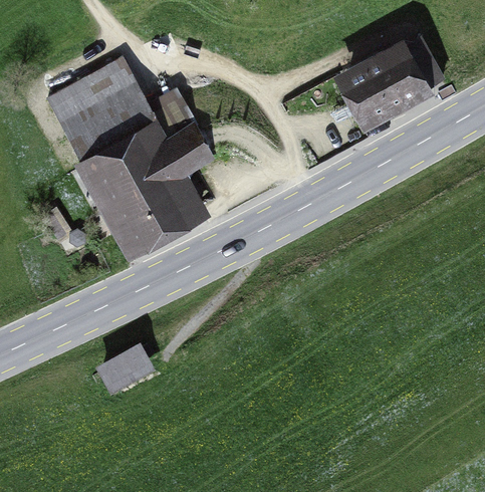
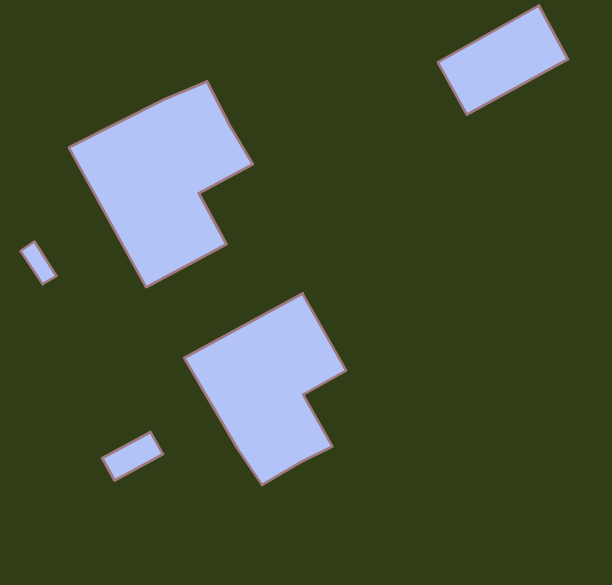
building: [47,61,147,146] -> none
building: none -> [184,293,346,485]

